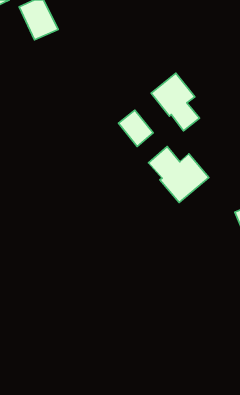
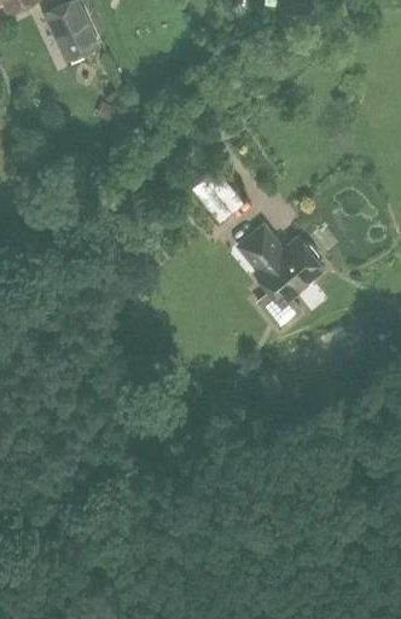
building: [151,73,199,131] -> none

